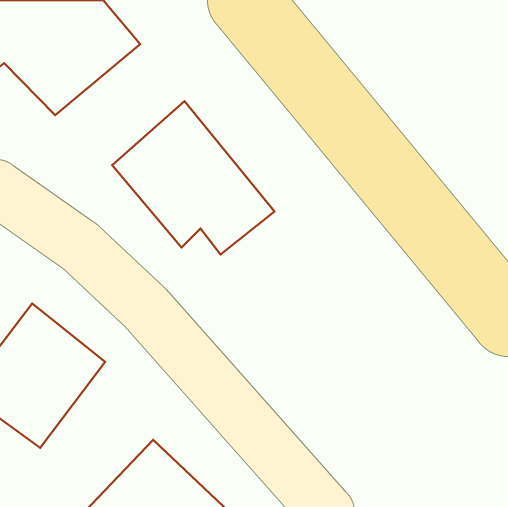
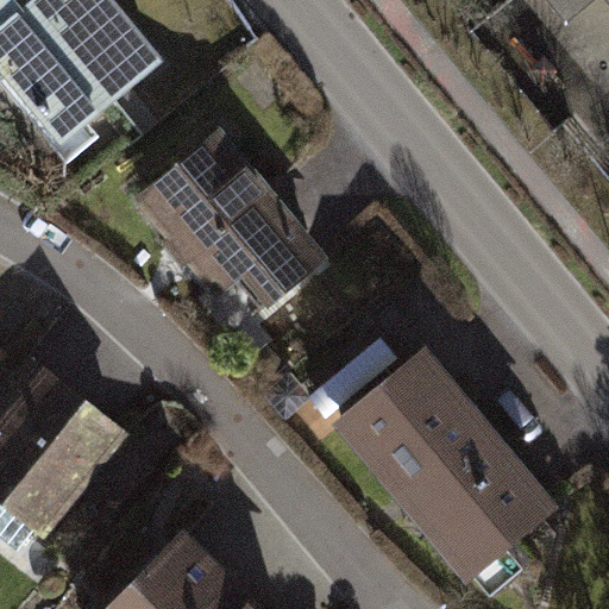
building: none -> [332,340,559,585]

